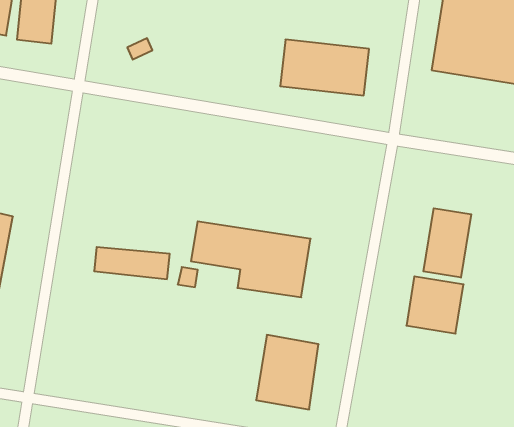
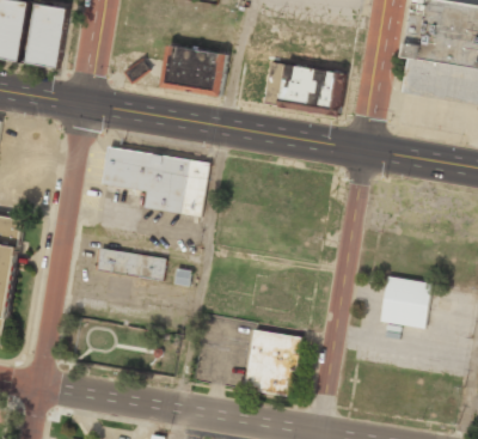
building: none -> [158,44,225,97]
building: [423,208,471,278] -> none
building: [191,221,311,297] -> [100,147,208,215]

